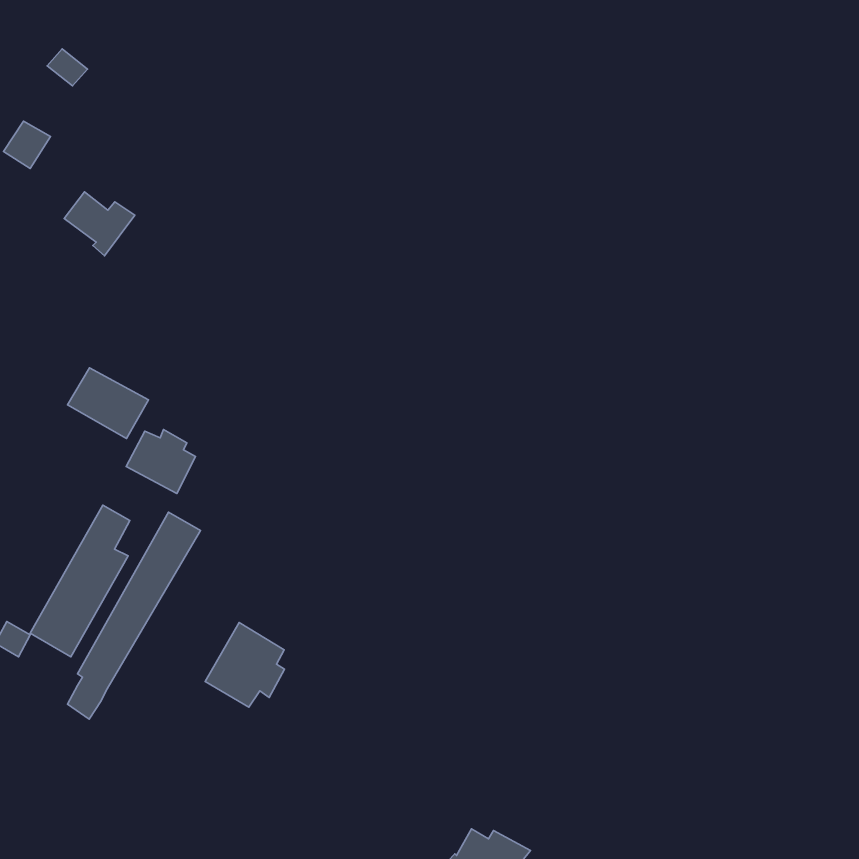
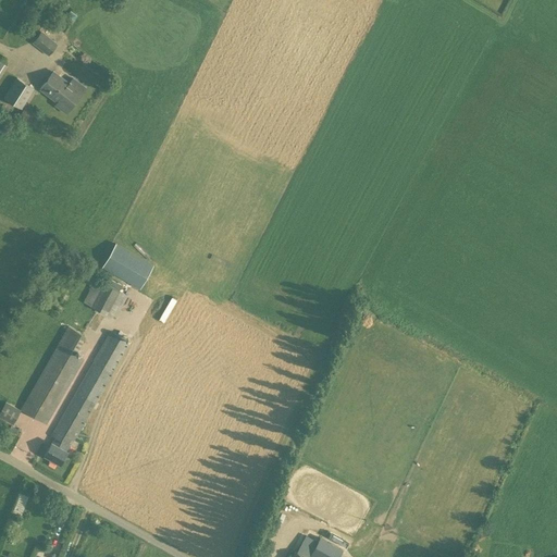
building: [64,192,135,256] -> [39,73,85,114]
building: [68,368,148,439] -> [100,245,152,290]
building: [205,623,285,707] -> none

